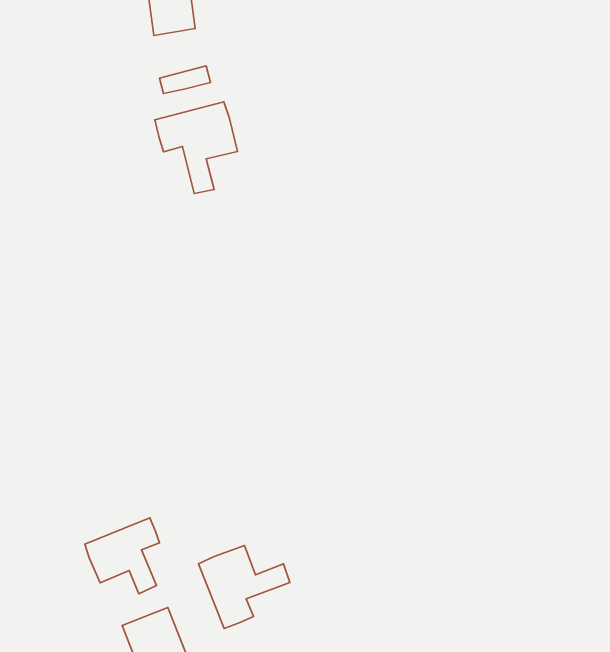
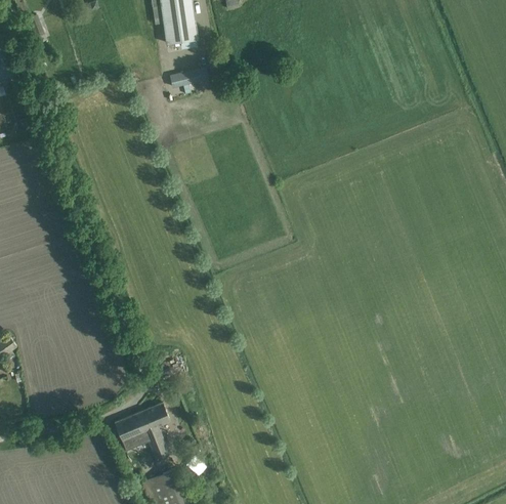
building: [155,102,237,193] -> none
building: [199,545,290,628] -> none

